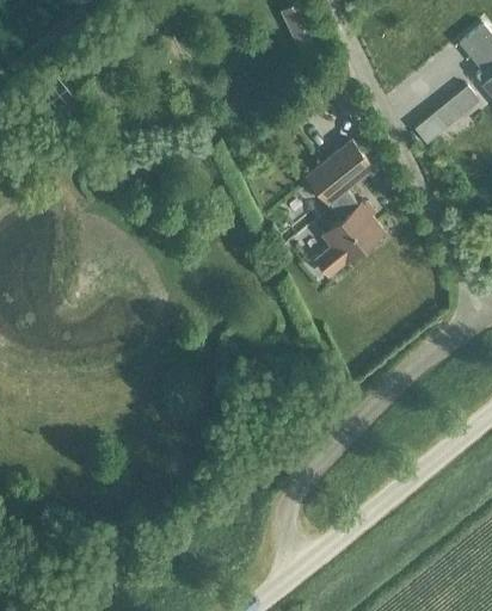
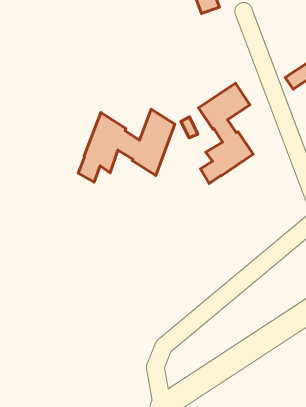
building: none -> [78,109,175,182]

